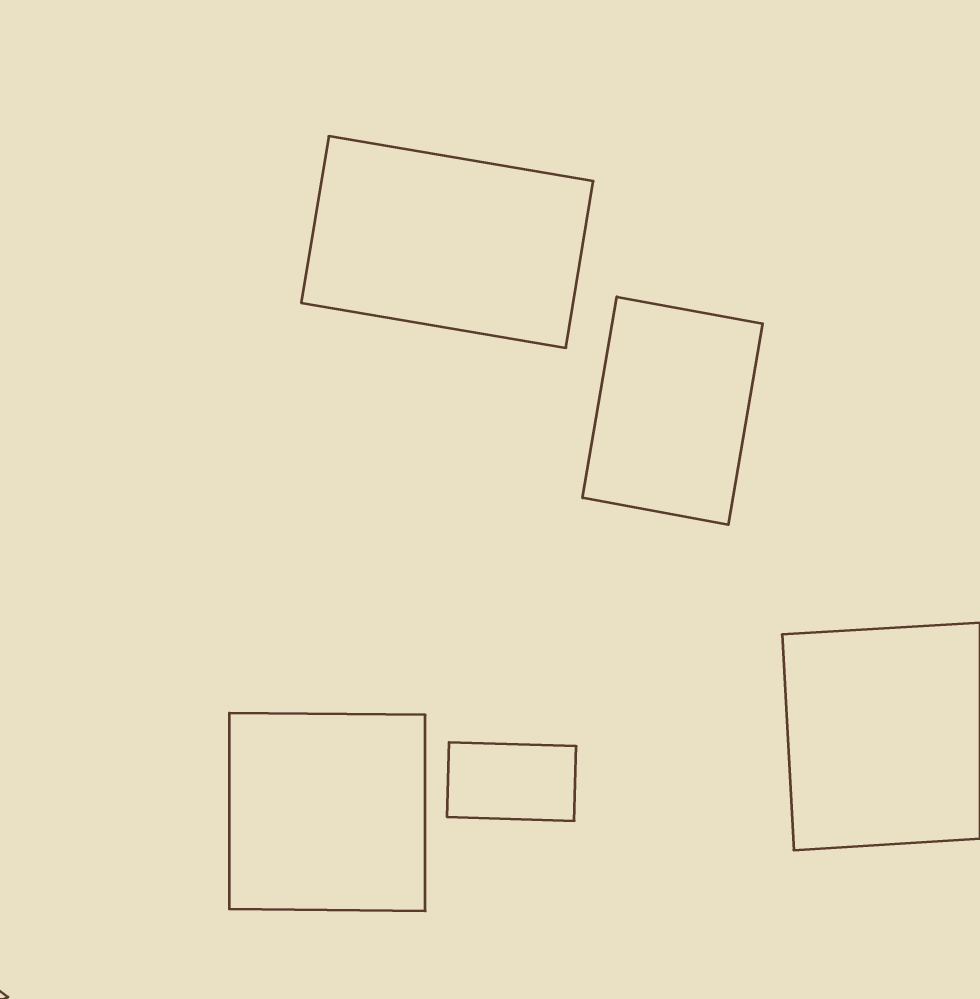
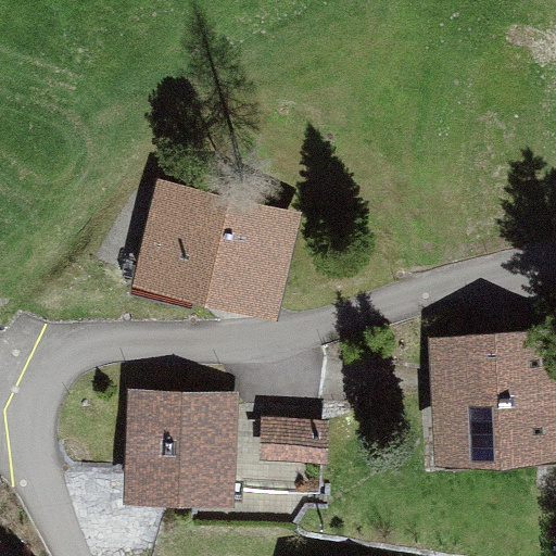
building: [301,136,593,348] -> [137,188,299,305]
building: [583,297,763,525] -> none

